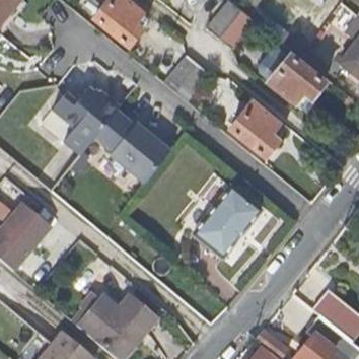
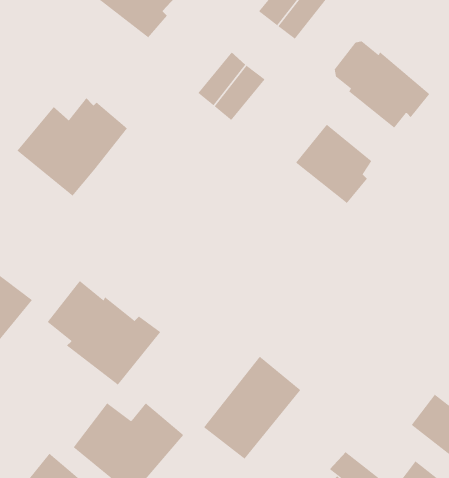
building: [94,106,172,178] -> [47,280,161,386]
building: [193,185,260,256] -> [203,356,301,460]

